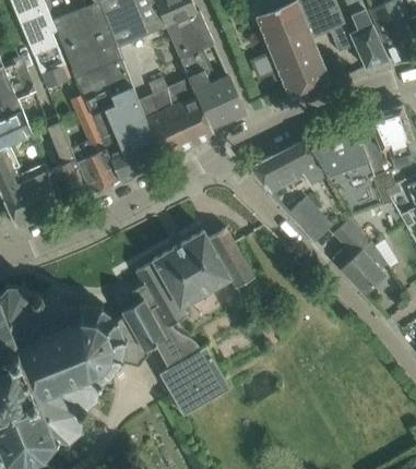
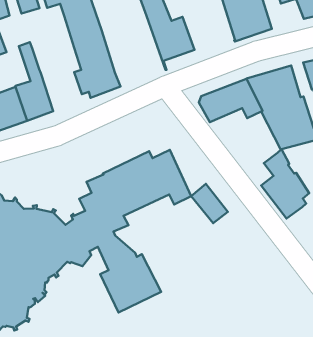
building: [139,79,214,160] -> none
building: [72,86,132,194] -> none
building: [288,197,331,241] -> [191,184,228,223]

